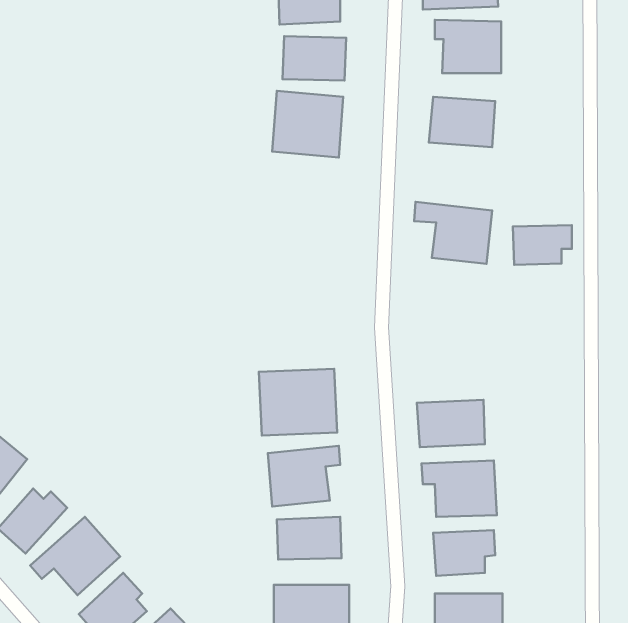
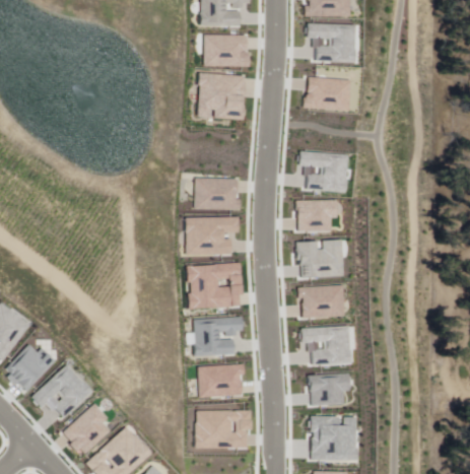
building: [513,225,572,265] -> [296,202,337,229]
building: none -> [195,178,243,208]
building: none -> [186,216,239,254]
building: none -> [299,239,343,277]

